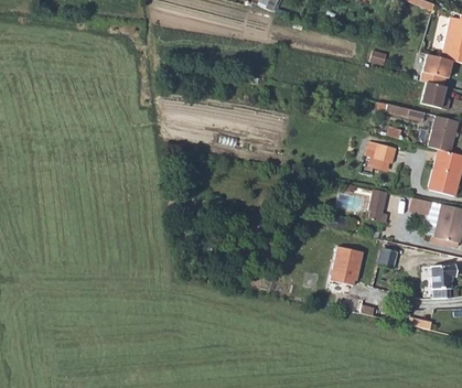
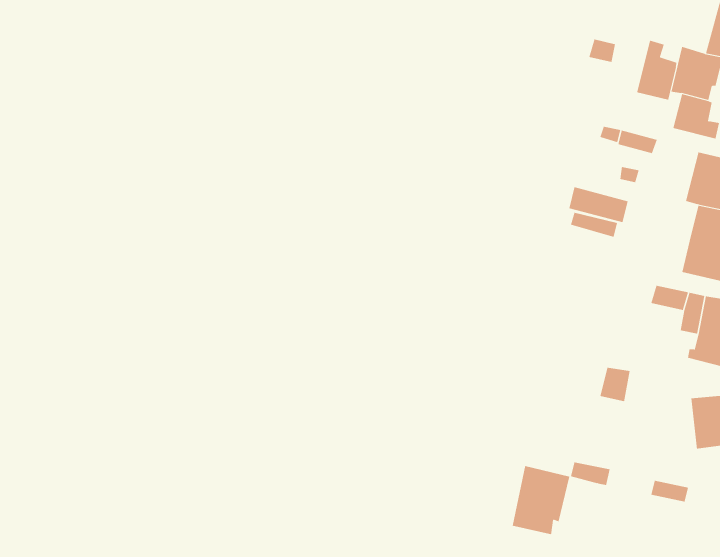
building: none -> [636,40,677,100]
building: [367,188,387,223] -> none
building: [326,245,362,287] -> [512,466,570,535]

